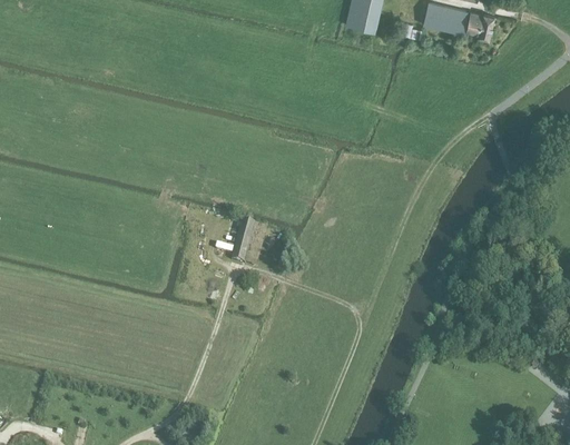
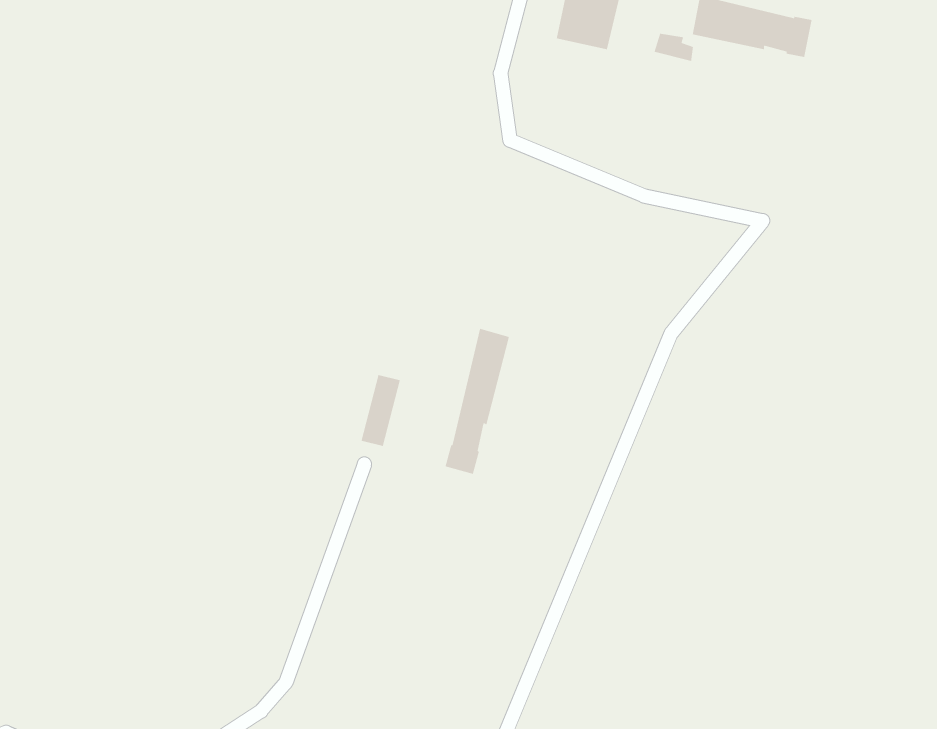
building: none -> [445,328,510,475]

